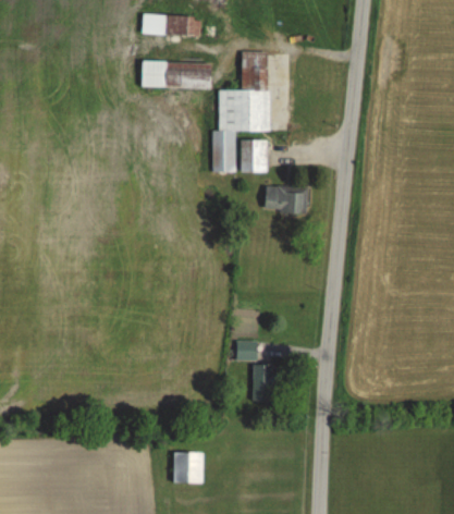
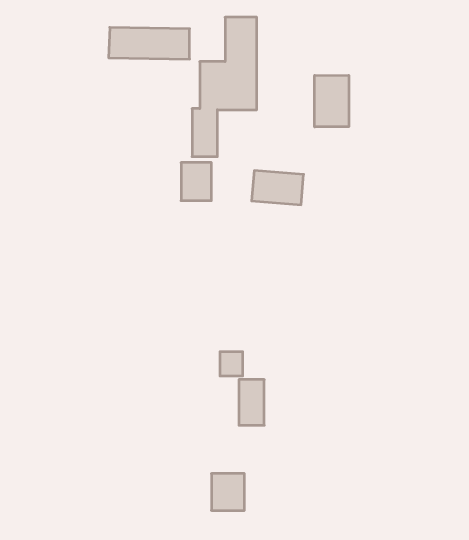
building: none -> [315,75,349,127]
building: [241,139,267,172] -> [181,163,211,201]
building: [173,452,201,484] -> [211,474,244,510]

